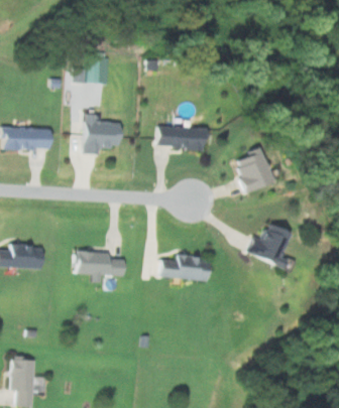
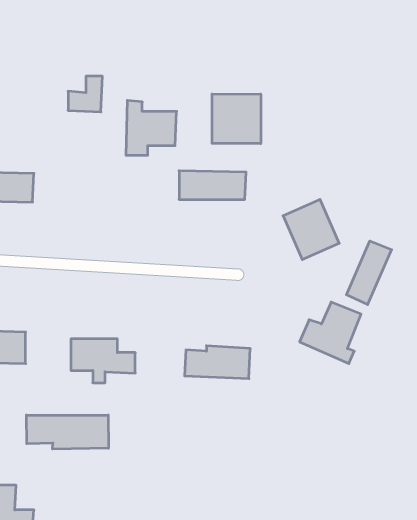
building: none -> [212,94,261,144]
building: [84,114,121,154] -> [126,100,177,155]
building: none -> [346,241,392,305]
building: none -> [26,415,108,449]

